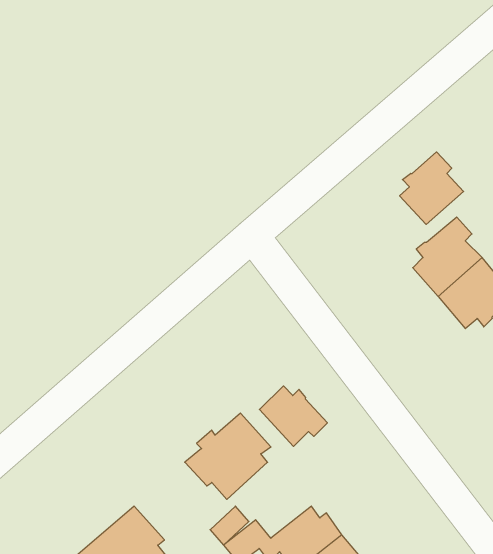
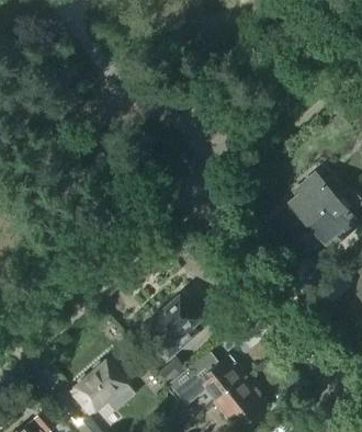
building: [400,152,464,224] -> none
building: [259,386,327,446] -> none

